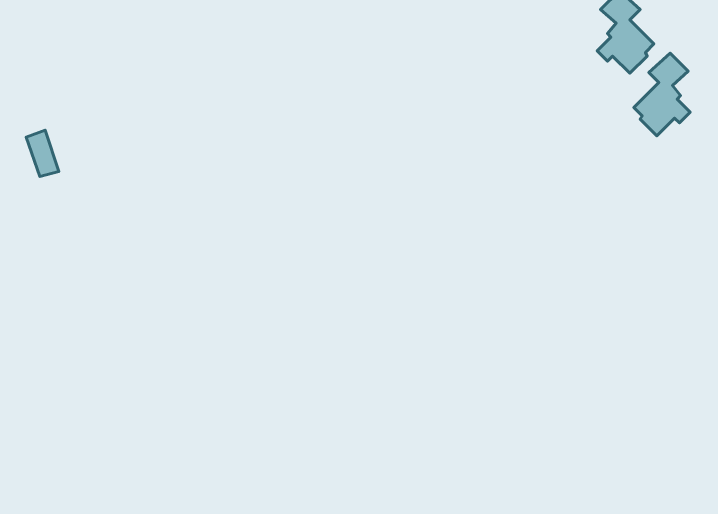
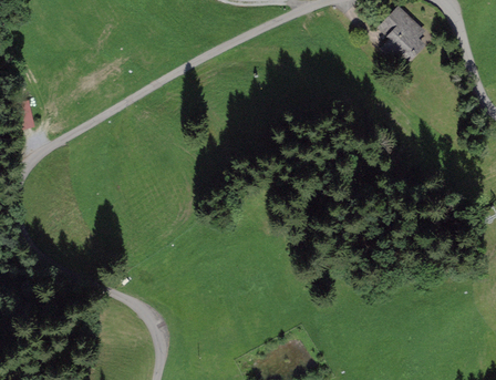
building: [634,53,690,136] -> none

